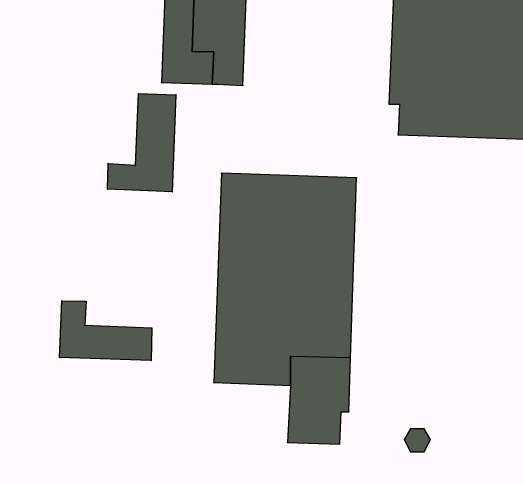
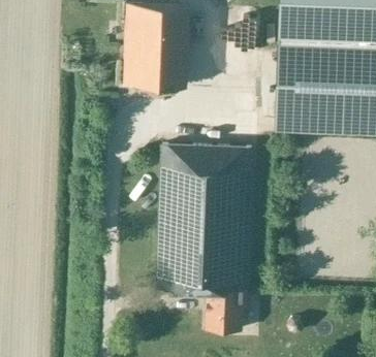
building: [108,94,176,192] -> none
building: [60,301,152,361] -> none

